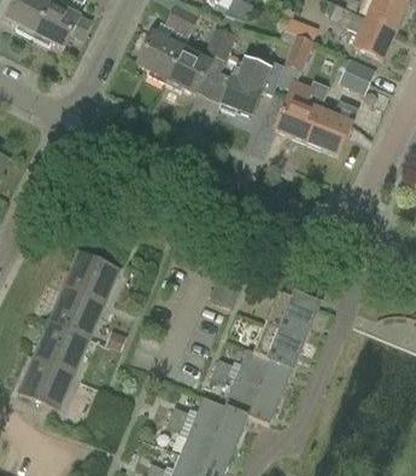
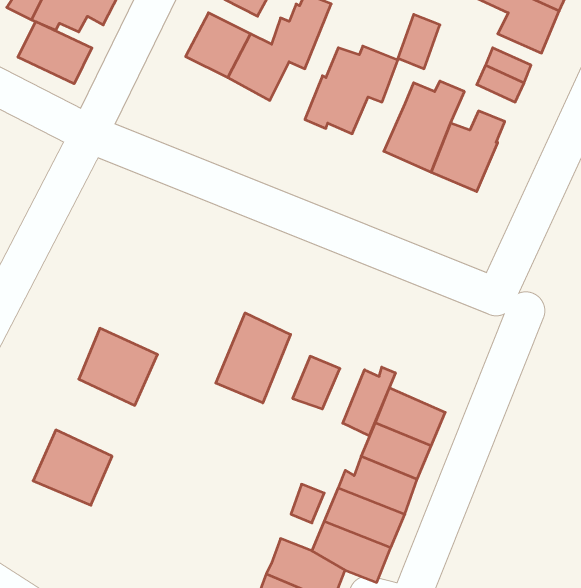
building: none -> [18,22,92,84]
building: none -> [216,313,291,403]
building: none -> [343,367,395,436]
building: [48,285,102,338] -> none
building: [18,355,72,407] -> none

